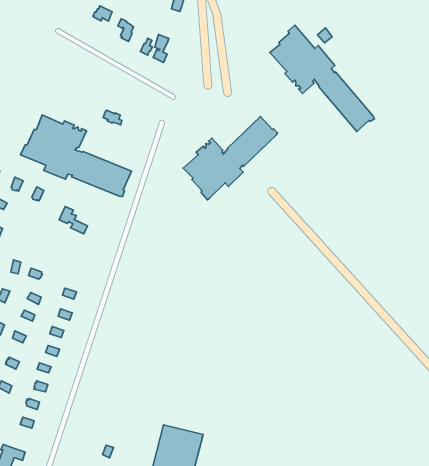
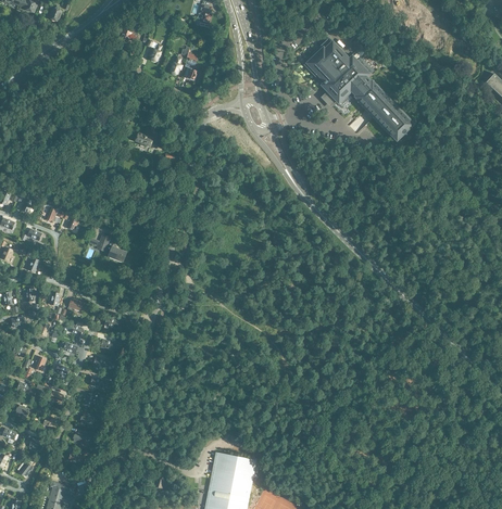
building: [21,115,132,197] -> none
building: [183,116,278,200] -> none

